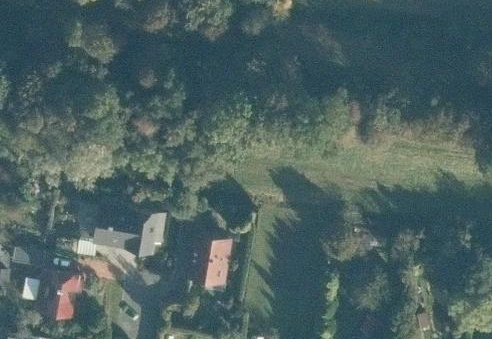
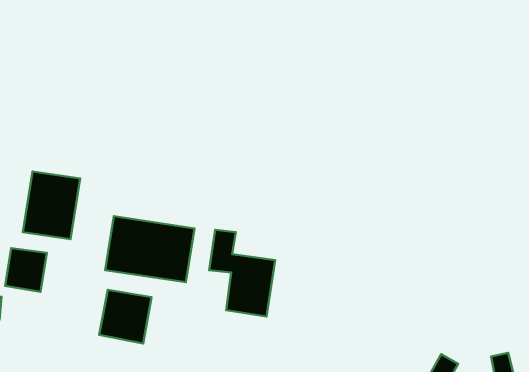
building: none -> [23,171,80,239]
building: [37,273,80,317] -> [99,290,152,343]

